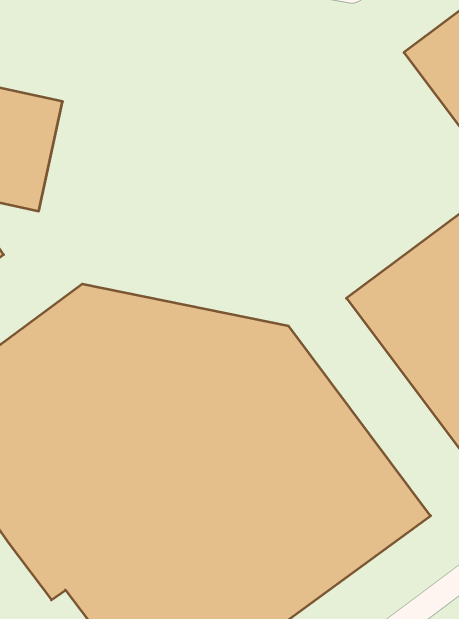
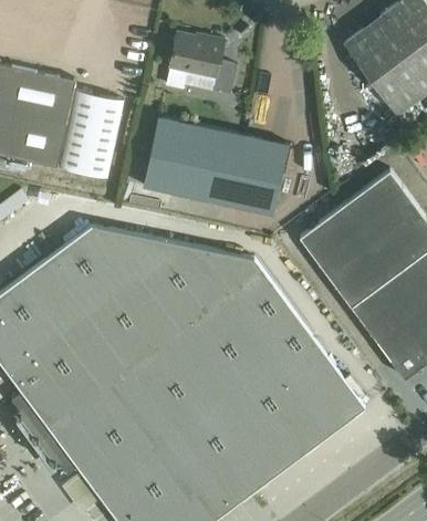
building: none -> [166,33,237,95]
building: none -> [60,92,124,179]
building: none -> [143,118,288,216]

